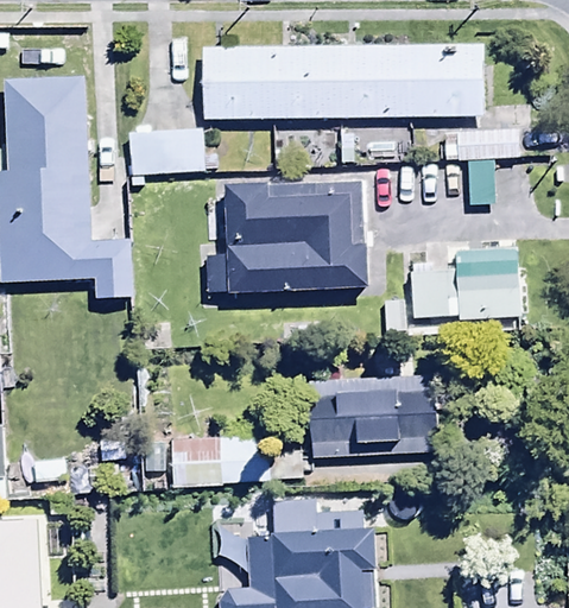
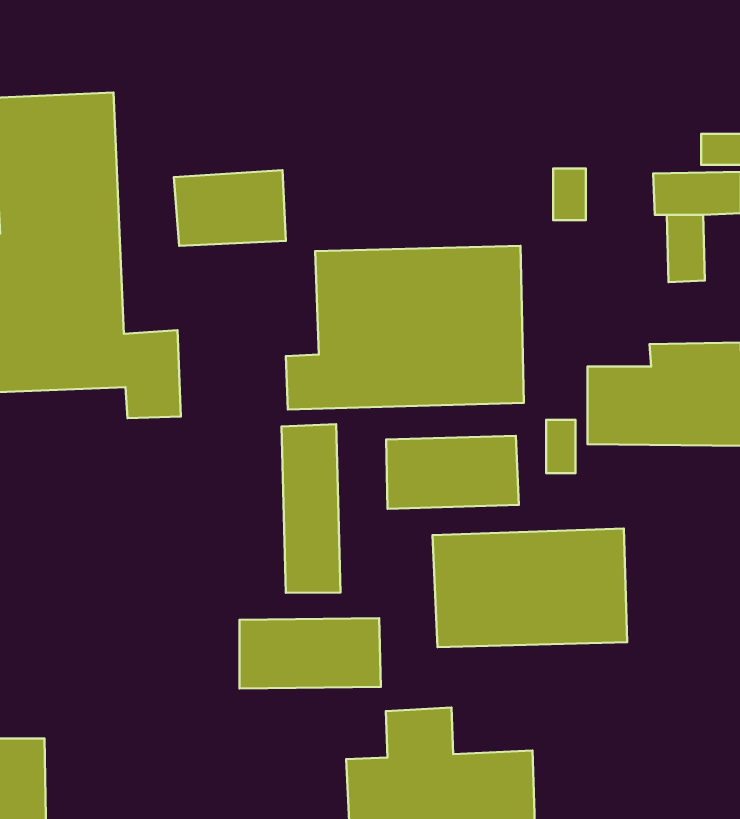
building: [202,44,483,119] -> none
building: none -> [282,424,340,593]
building: none -> [386,436,519,509]

